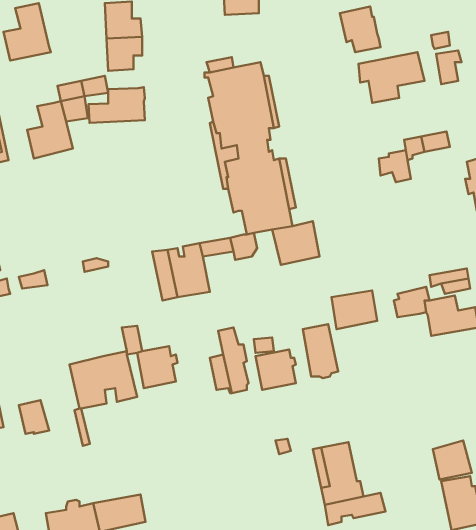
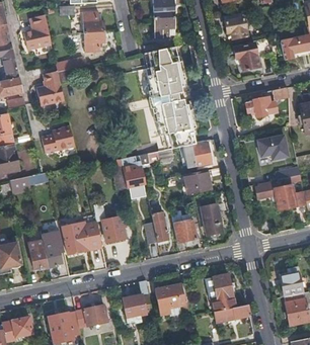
building: none -> [154,17,174,37]
building: [88,87,145,123] -> none
building: none -> [40,125,73,152]
building: none -> [257,136,289,160]
building: [332,290,377,329] -> [183,171,211,194]
building: none -> [41,232,64,267]
building: none -> [122,280,151,322]
building: none -> [153,283,190,315]

